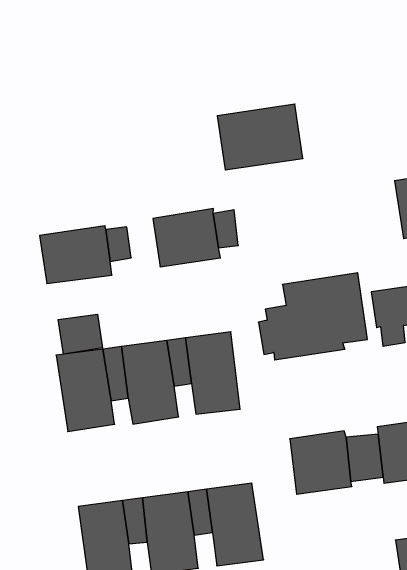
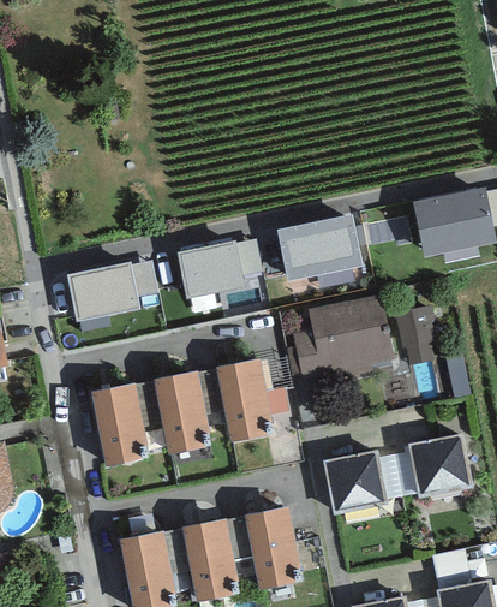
building: [217,104,303,170] -> [276,213,363,281]
building: [58,314,102,354] -> none

